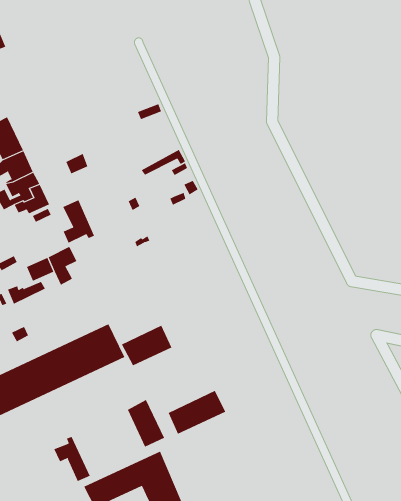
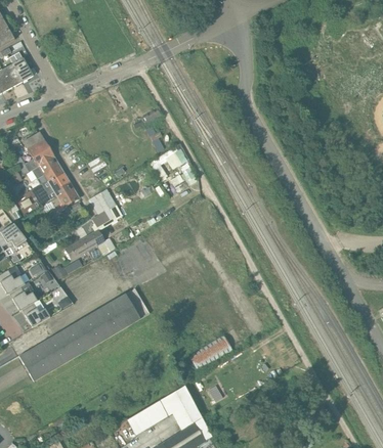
building: [121,325,172,366] -> none
building: [127,399,165,447] -> none
building: [54,436,90,482] -> none

